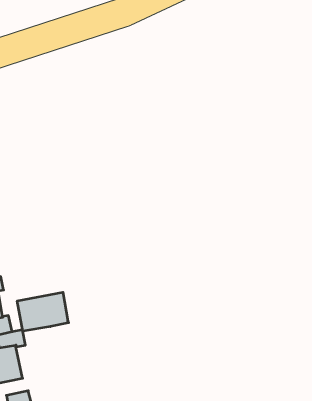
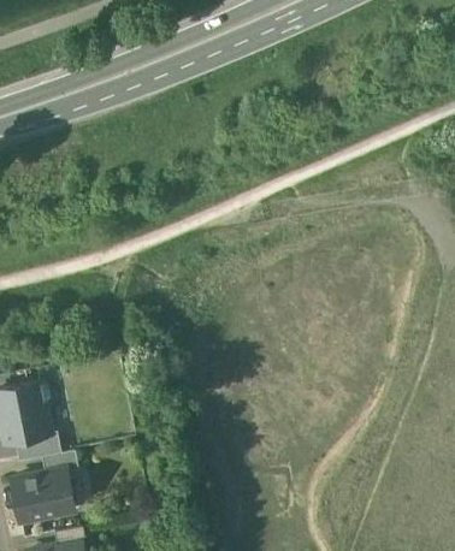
building: [17,292,69,331] -> none

